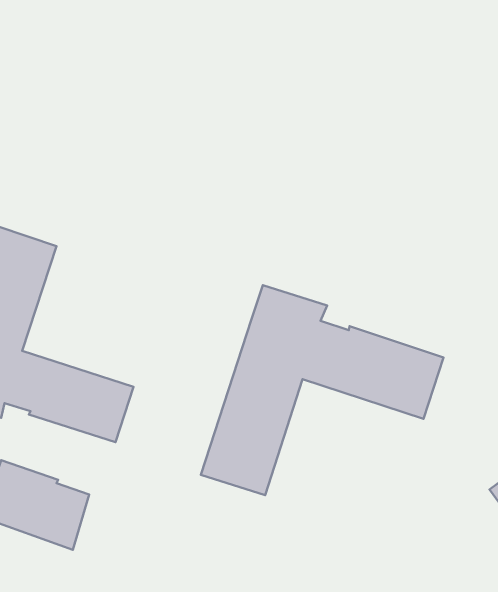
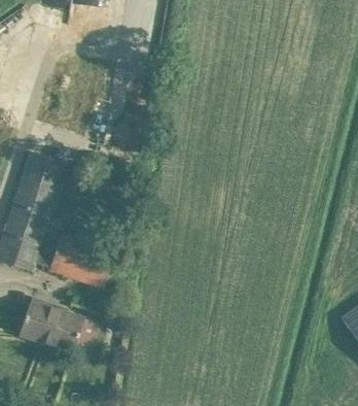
building: [201,285,443,495] -> none

